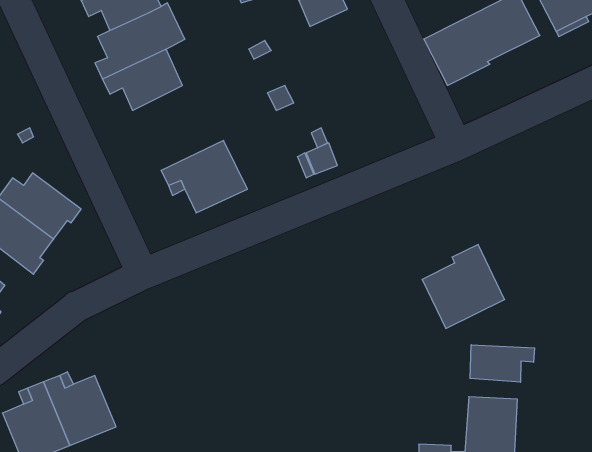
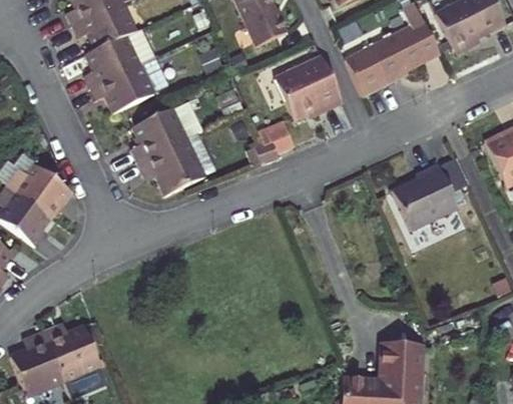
building: none -> [275,56,343,120]
building: none -> [131,107,187,161]
building: [422,245,505,328] -> [390,157,456,225]
building: [470,345,535,382] -> none

